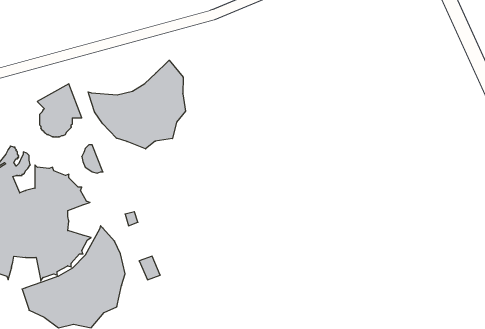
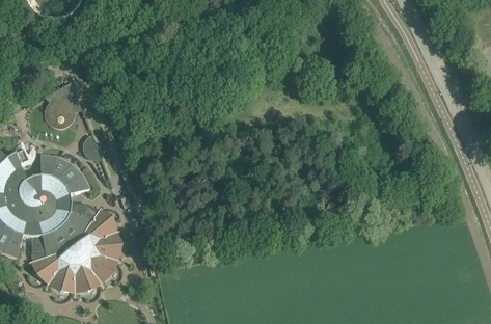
building: [88,60,185,149] -> none

